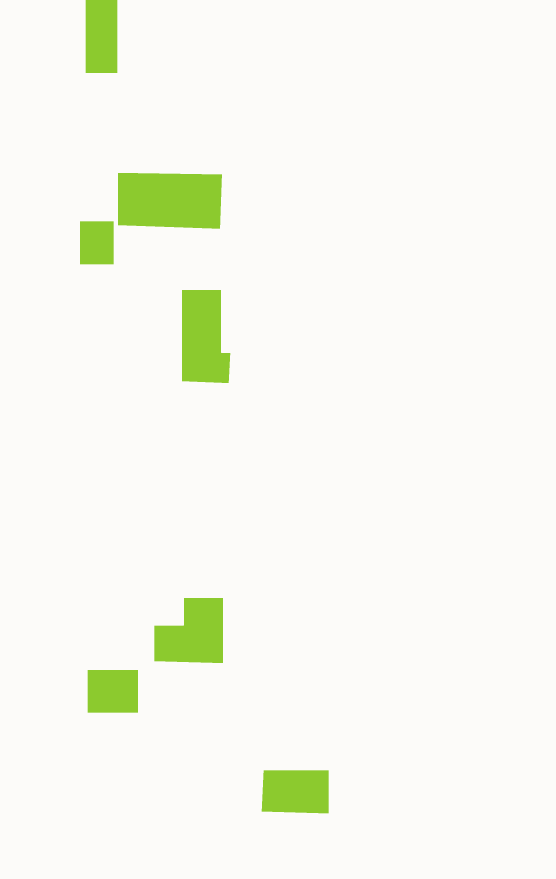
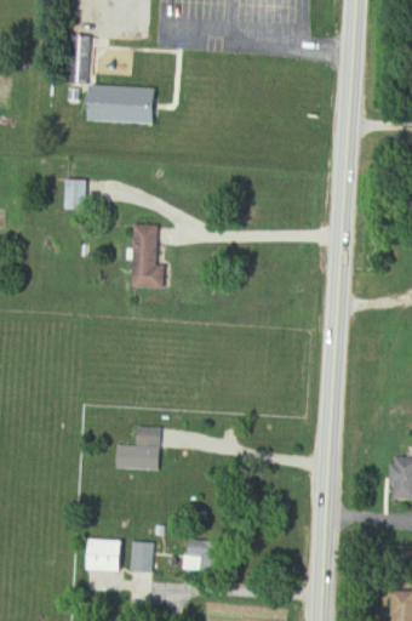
building: [117,172,223,230] -> [87,86,156,124]
building: [87,669,139,714] -> [86,540,120,569]
building: none -> [126,541,150,571]

